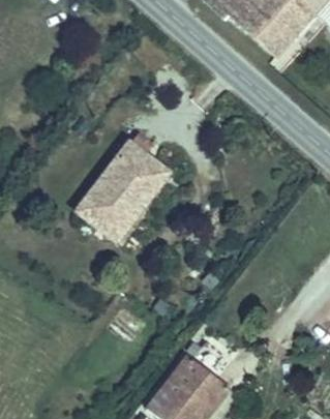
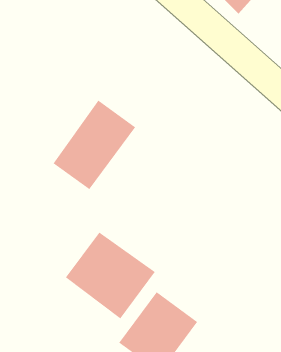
building: none -> [65,231,156,319]

